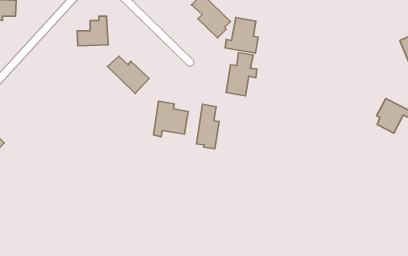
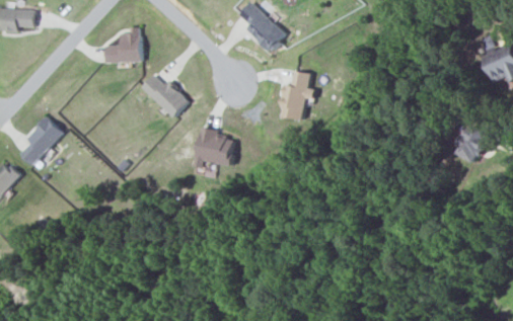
building: [225,18,258,53] -> none
building: none -> [20,116,64,166]
building: [197,104,219,149] -> none

